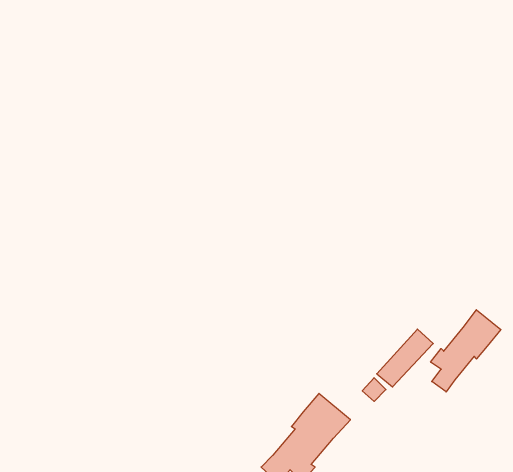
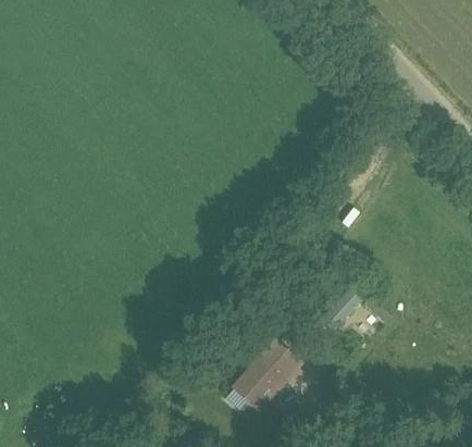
building: [431,310,501,392] -> none

